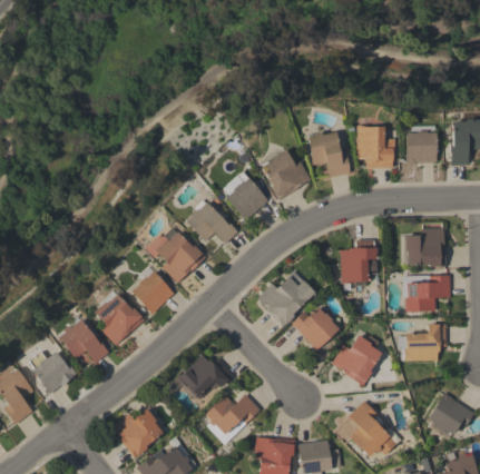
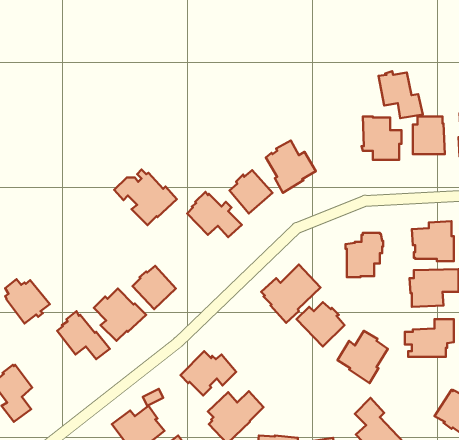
building: [307,131,351,177] -> [378,71,423,118]
building: [145,228,206,283] -> [114,169,177,225]
building: [31,350,75,394] -> [5,279,50,324]

